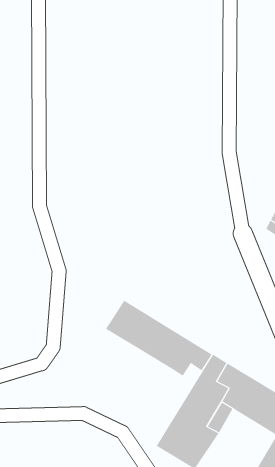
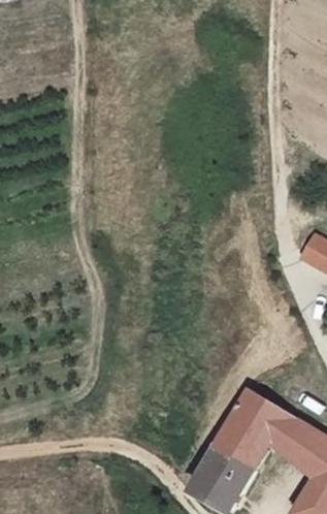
building: [105,300,212,376] -> none

